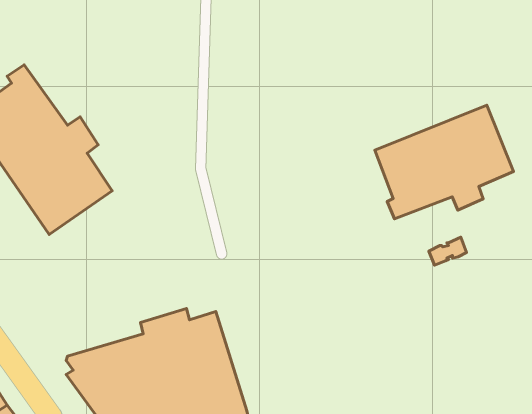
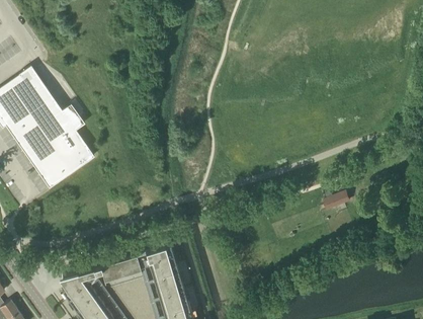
building: [375,105,514,219] -> none

